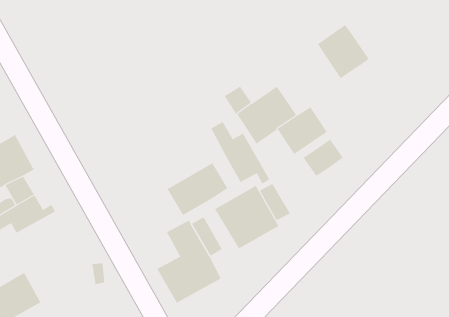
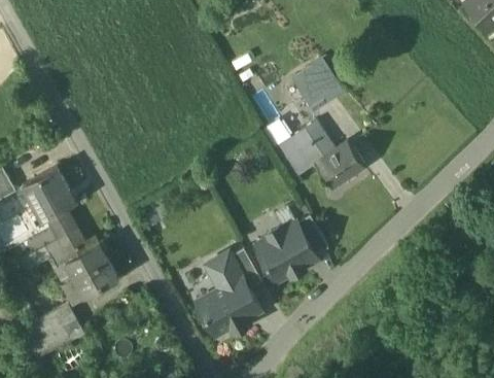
building: [317,24,370,79] -> [291,59,343,112]
building: [211,121,270,184] -> none
building: [303,139,343,177] -> none
building: [167,163,228,215] -> none
building: none -> [56,243,119,304]

